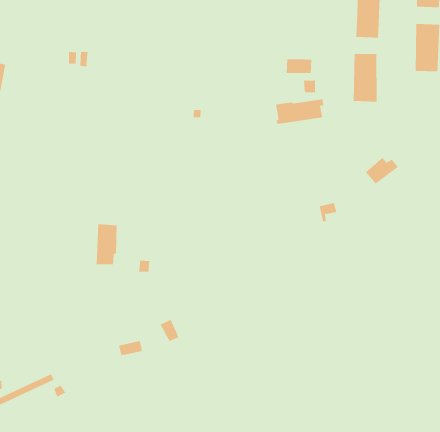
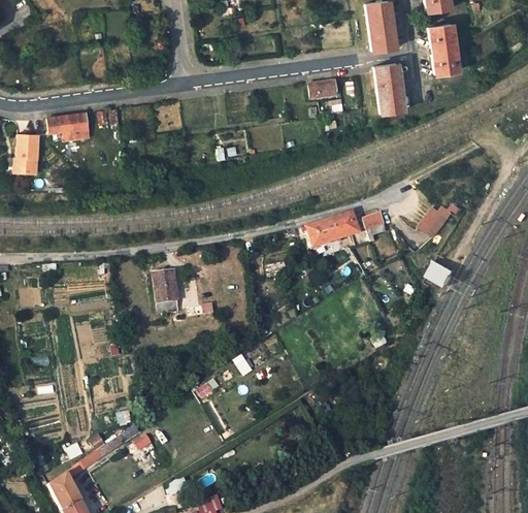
building: none -> [48,114,89,139]
building: [275,98,324,125] -> [307,214,356,247]
building: [365,157,399,185] -> [419,209,451,236]
building: none -> [425,258,454,286]

